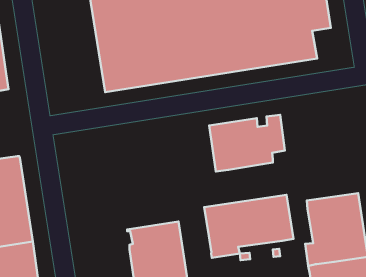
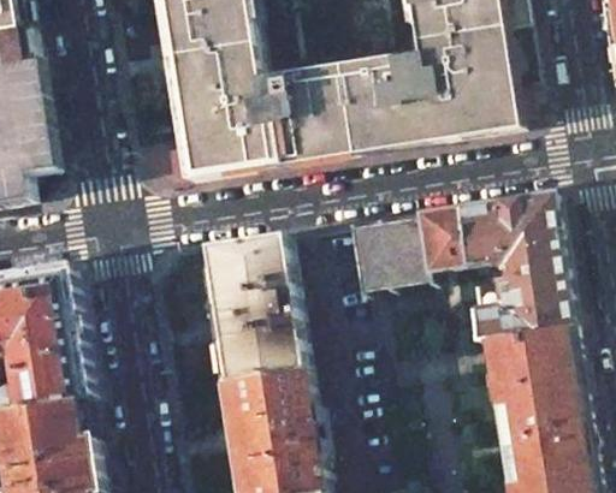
building: none -> [449,195,565,340]
building: none -> [200,237,297,381]
building: [204,195,294,258] -> none

